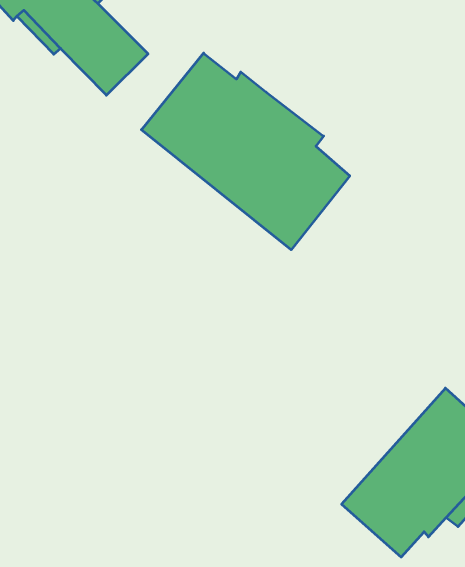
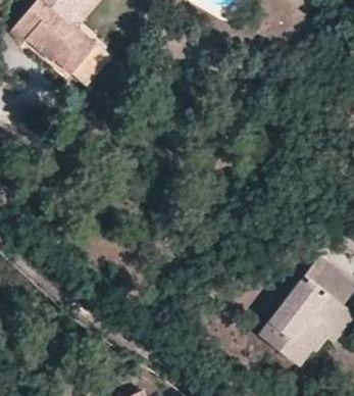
building: [141,53,350,250] -> none

